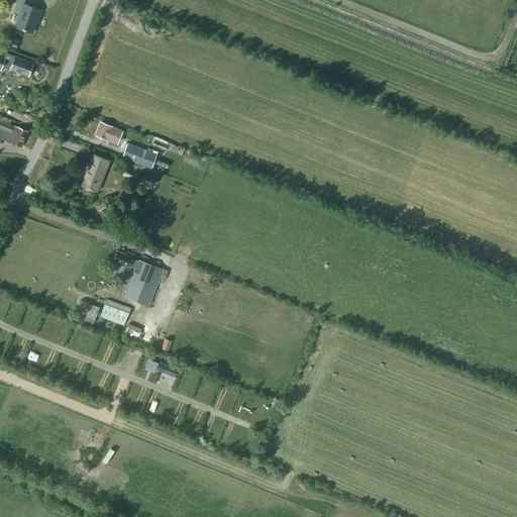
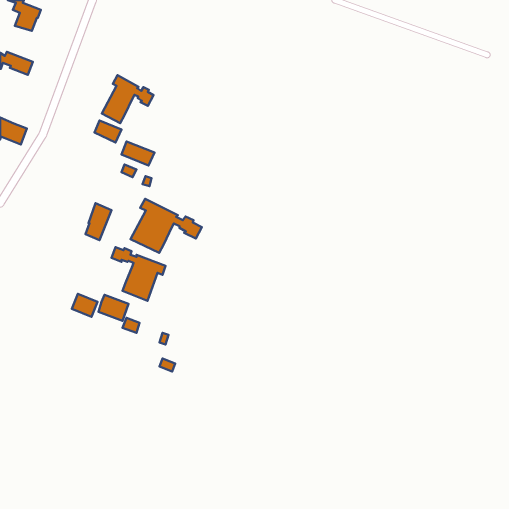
building: none -> [102,75,154,123]
building: [83,153,109,191] -> [86,203,111,240]
building: none -> [130,199,202,253]

